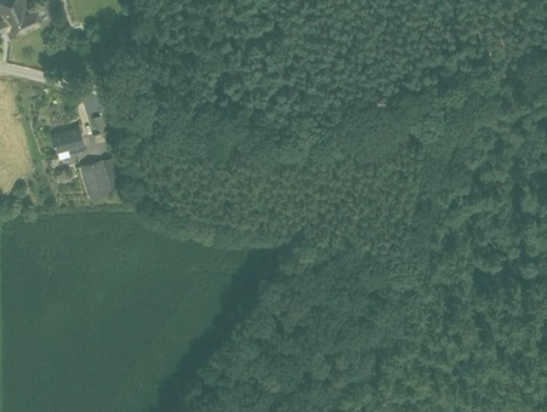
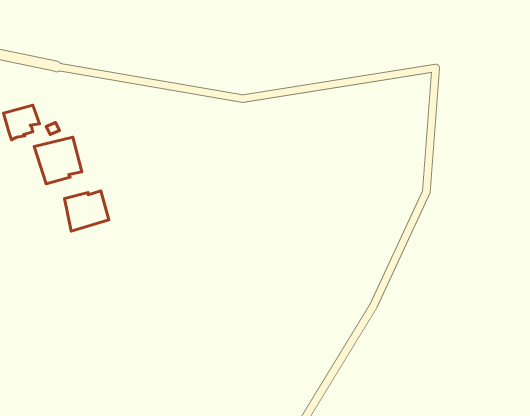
building: none -> [65,191,109,231]

